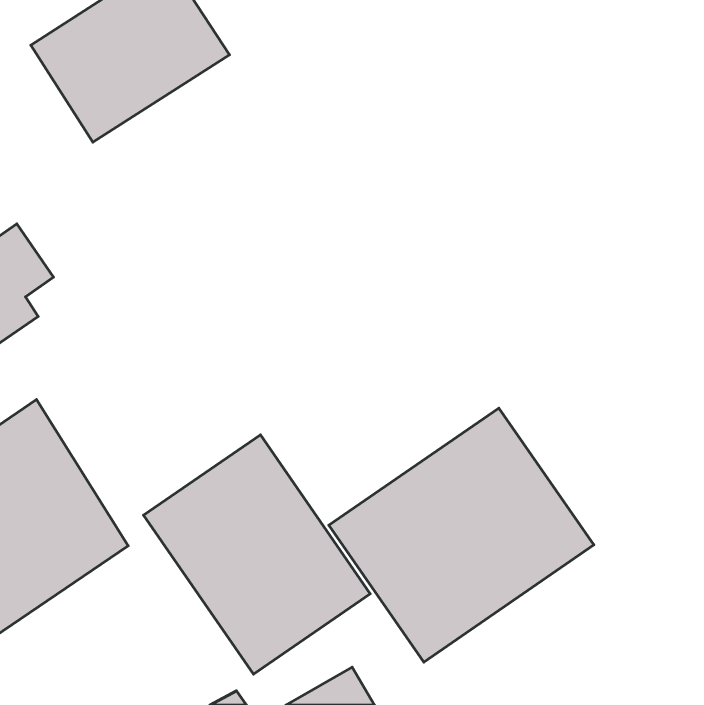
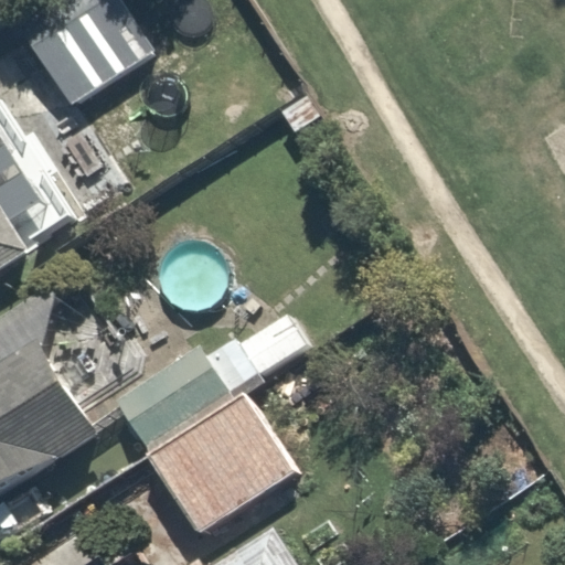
building: [329,408,594,662] -> none

